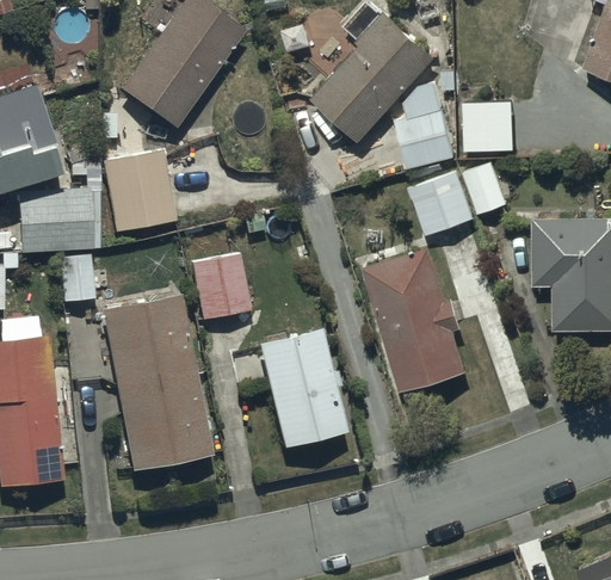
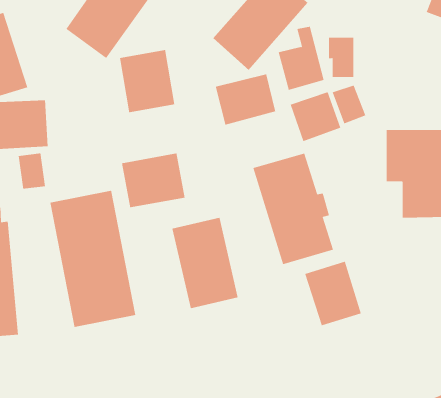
building: none -> [215,73,276,125]
building: [104,149,175,230] -> [119,49,175,113]
building: none -> [305,261,361,326]

